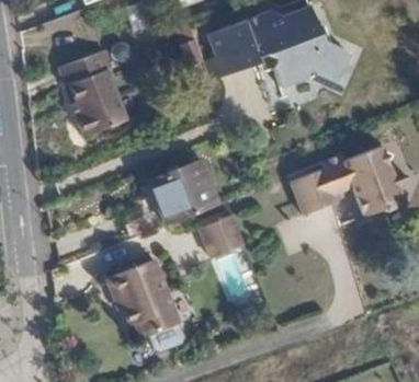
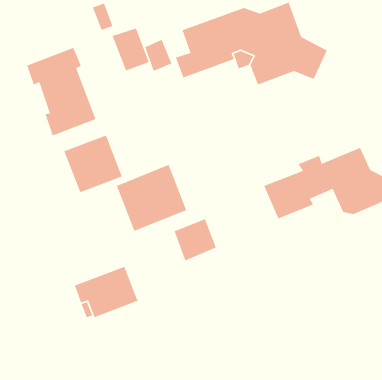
building: none -> [111,27,150,72]
building: none -> [63,134,123,193]
building: [125,293,180,337] -> none

